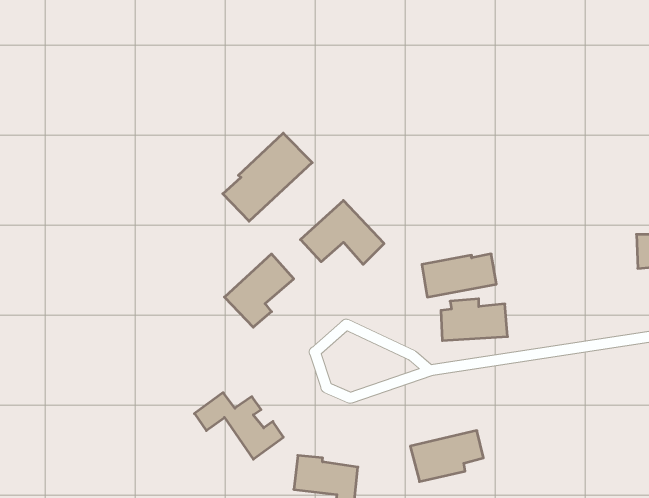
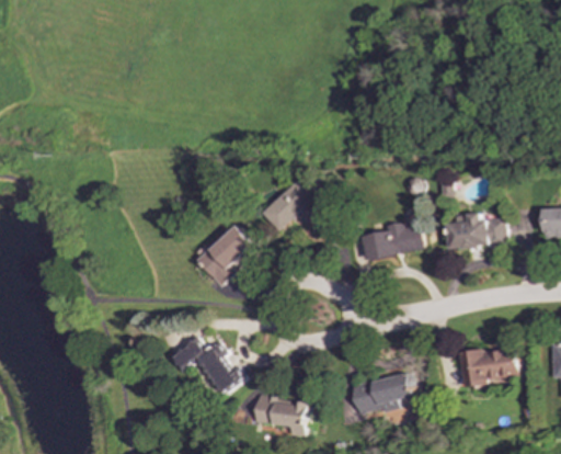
building: [223,133,312,221] -> none
building: [441,299,508,341] -> [447,213,503,248]
building: none -> [458,345,516,386]

